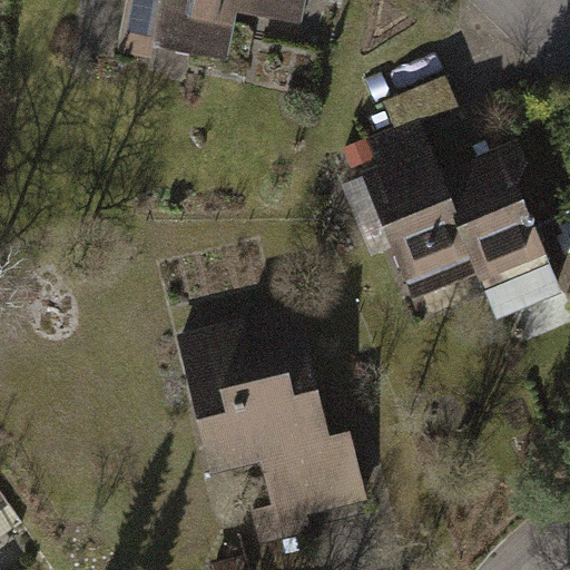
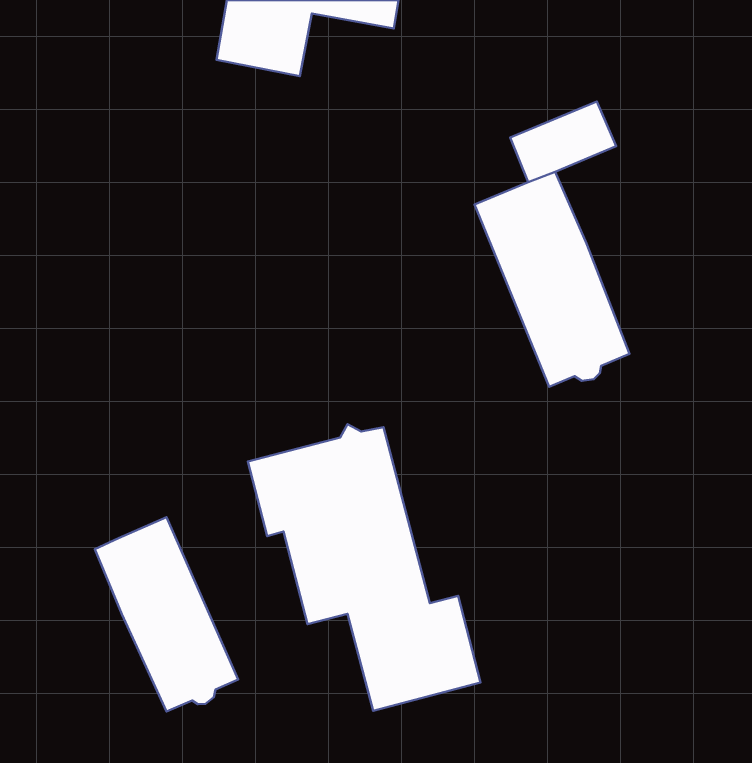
building: [438,149,556,318] -> none
building: none -> [95,517,238,711]

